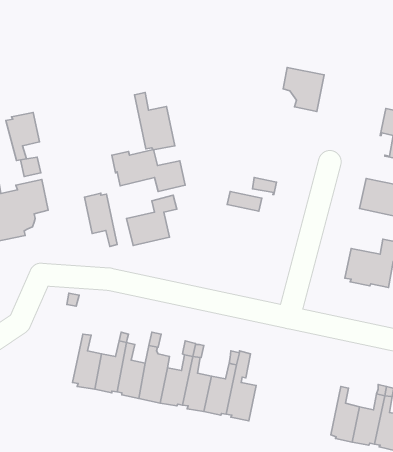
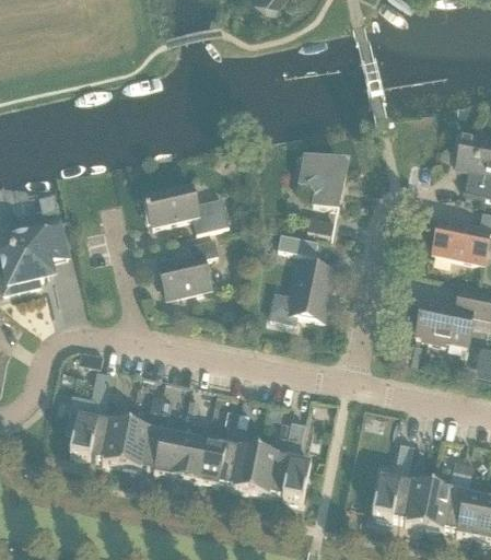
building: [283,68,324,111] -> [299,156,347,208]
building: [134,92,175,150] -> none
building: [6,113,40,161] -> none
building: [85,193,117,247] -> none
building: none -> [268,262,334,324]
building: none -> [65,371,113,459]
building: none -> [371,443,413,521]

